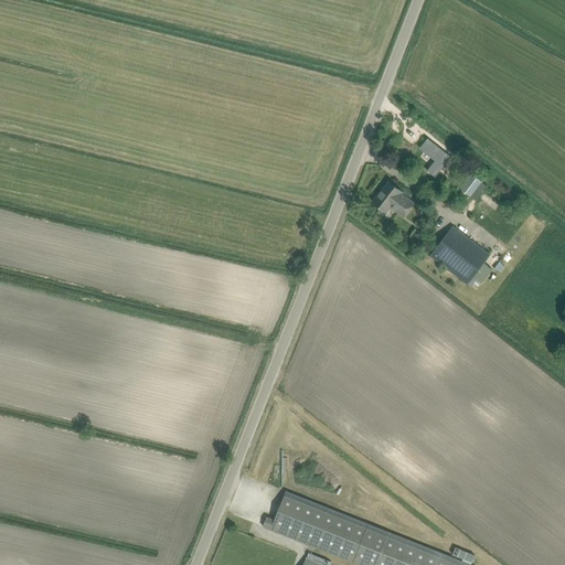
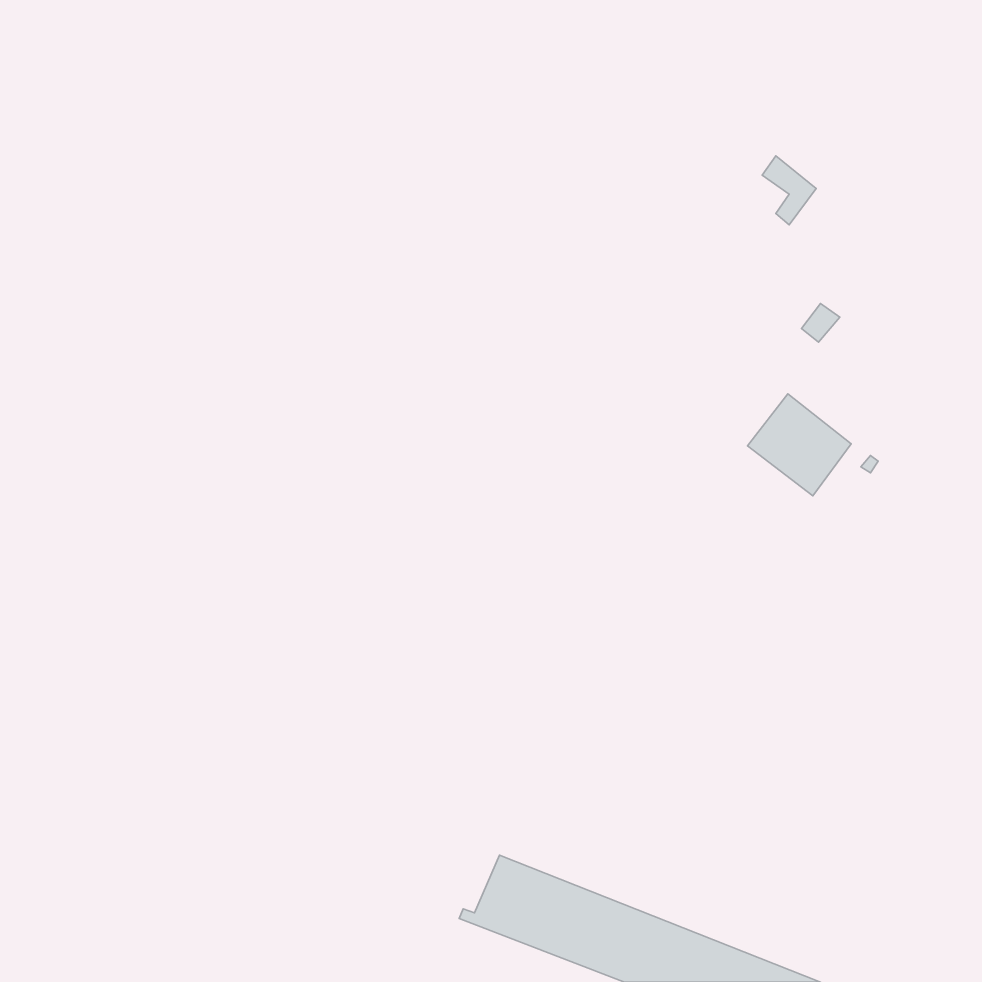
building: [420,138,451,178] -> [762,156,816,225]
building: [373,182,413,216] -> none

